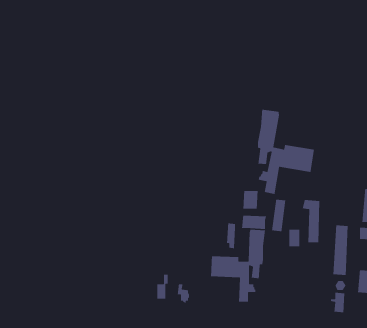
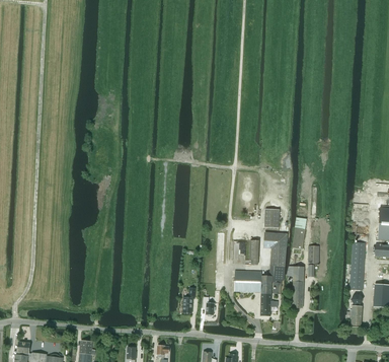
building: [257,109,315,195] -> none
building: [302,199,320,243] -> [287,266,304,307]

